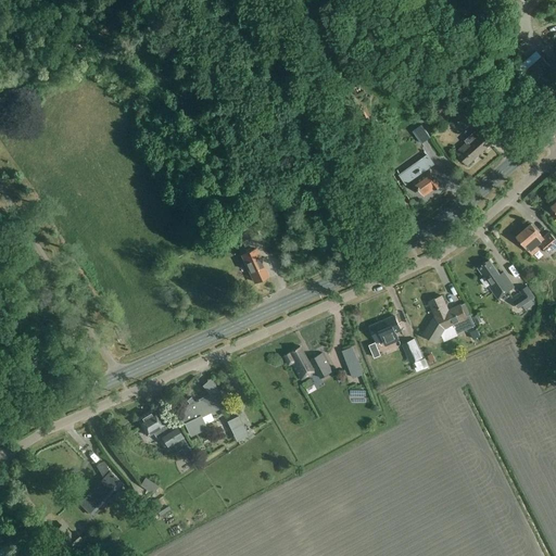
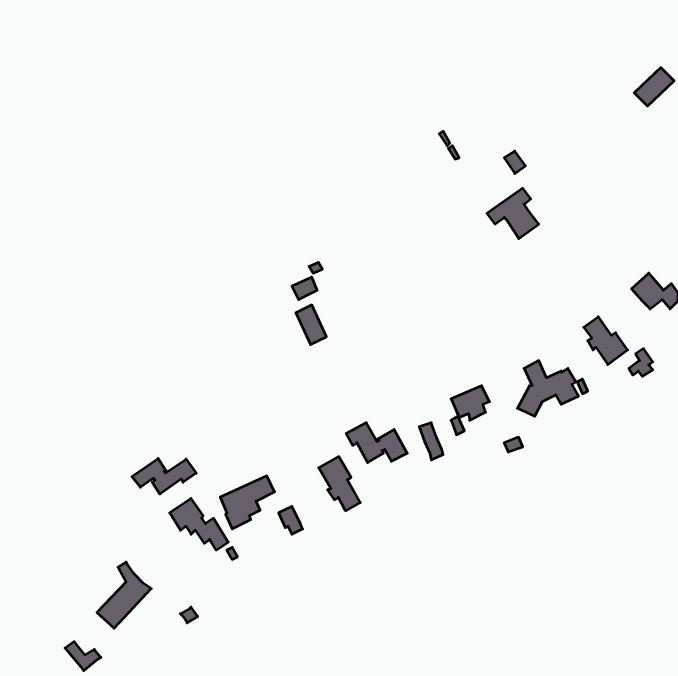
building: [457,127,497,165] -> none
building: none -> [319,457,360,511]
building: none -> [132,458,196,494]

